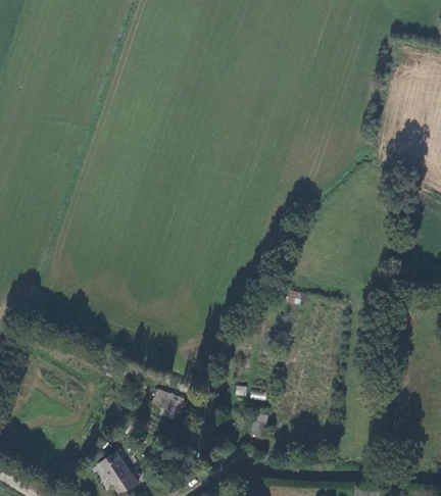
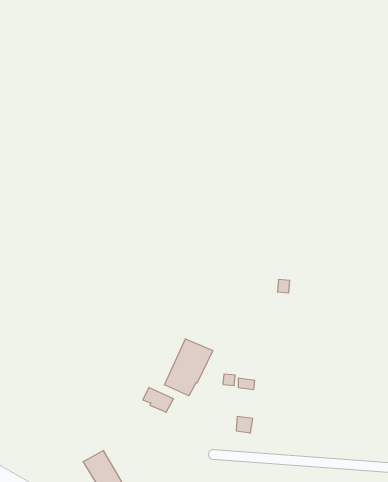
building: none -> [164,339,213,396]

